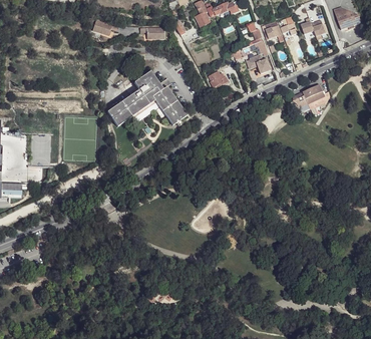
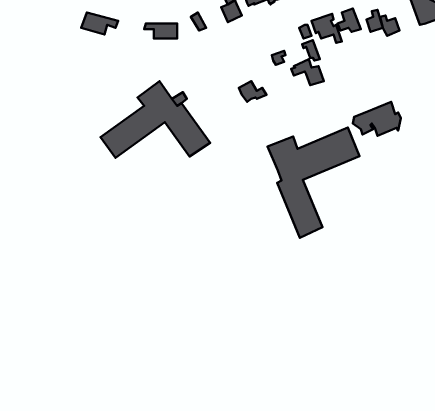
building: none -> [267,128,359,238]

